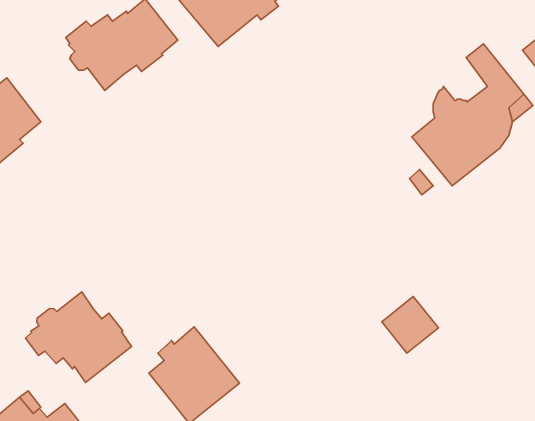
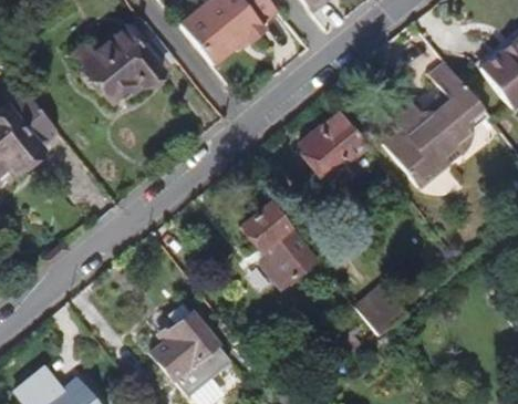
building: none -> [299,111,366,176]
building: none -> [240,203,317,289]
building: [26,292,132,383] -> none

